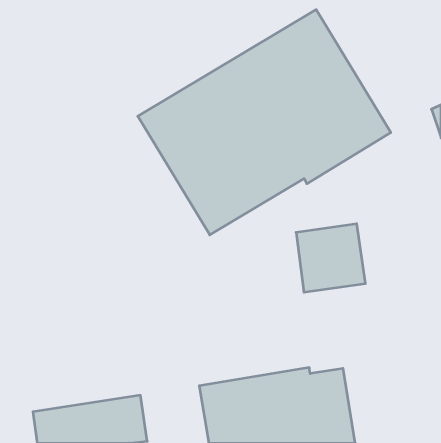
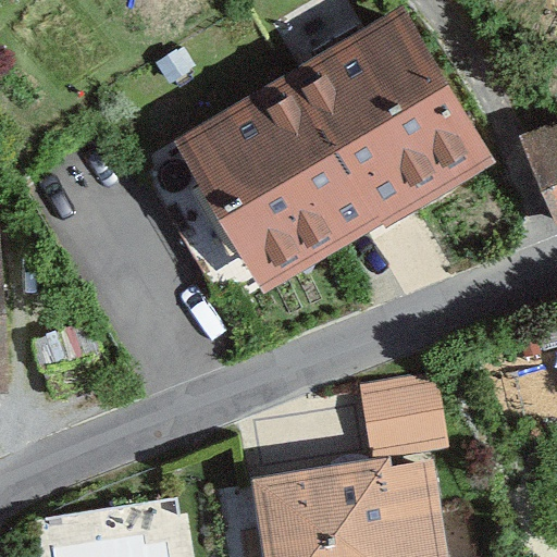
building: [296,224,365,292] -> [359,373,446,459]

